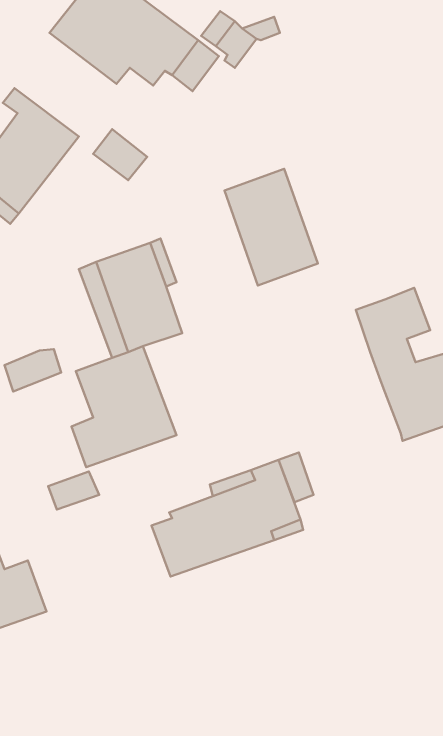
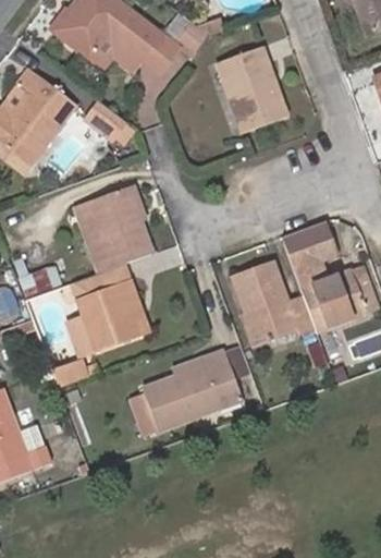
building: [224,169,318,285] -> [217,46,286,133]
building: none -> [231,263,315,344]

